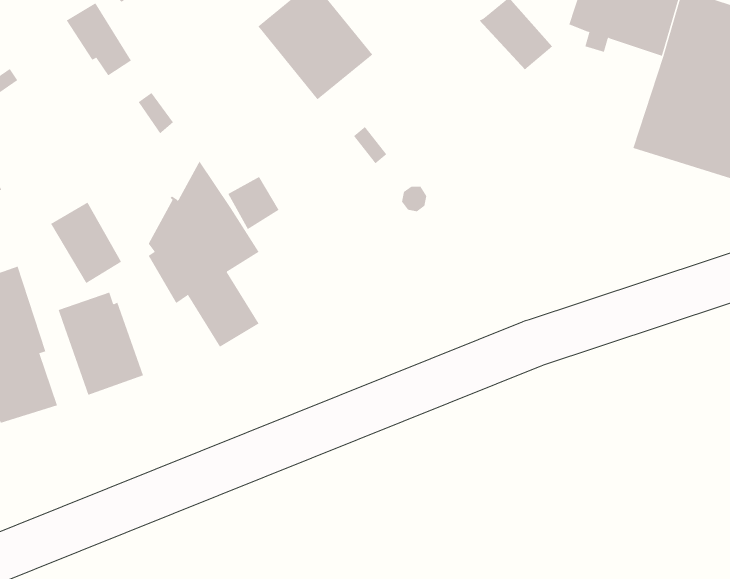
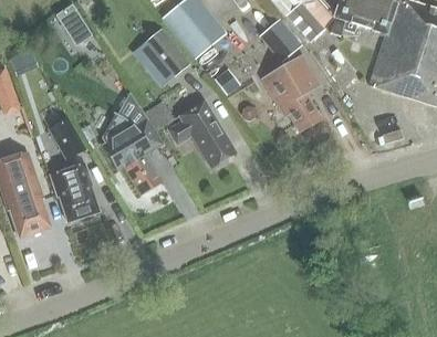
building: none -> [264,19,301,56]
building: none -> [143,28,190,80]
building: none -> [262,55,321,133]
building: none -> [167,99,235,167]

